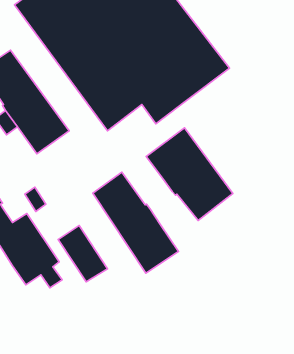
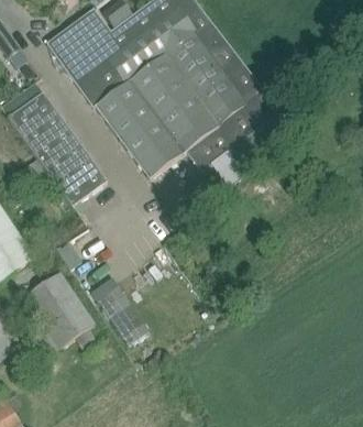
building: [146,128,233,220] -> none
building: [93,172,179,273] -> none

